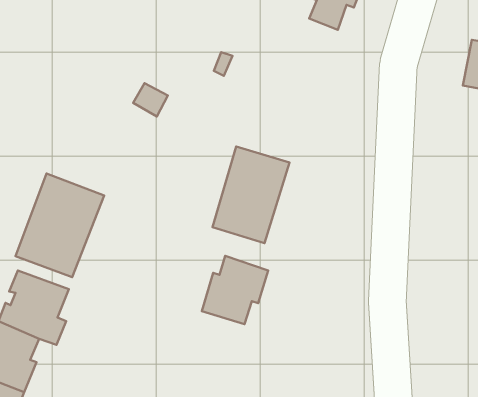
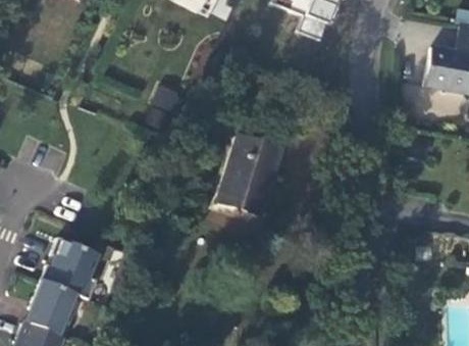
building: [15,174,104,277] -> none
building: [202,256,268,324] -> none

